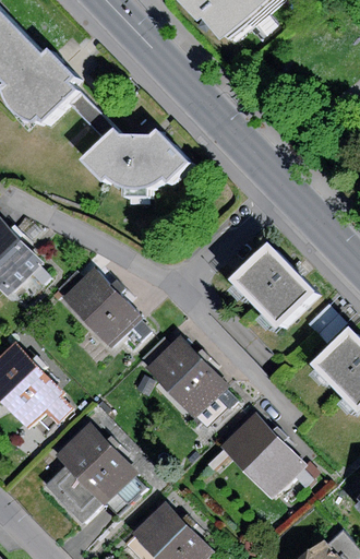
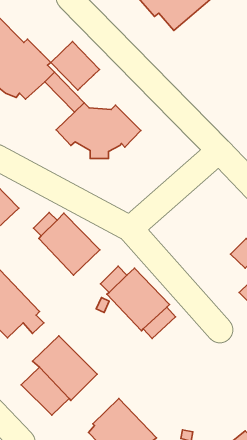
building: none -> [51,42,100,90]
building: [235,248,319,331] -> none
building: [220,413,304,497] -> none

